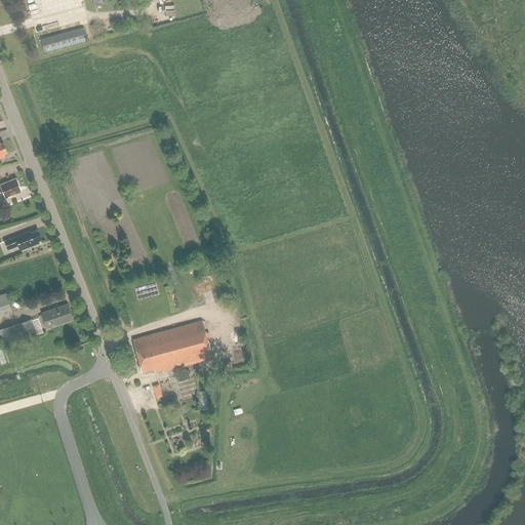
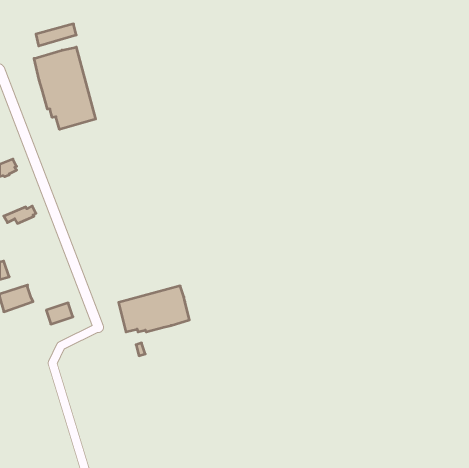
building: none -> [34,47,96,129]
building: [41,302,71,326] -> [46,303,73,324]

